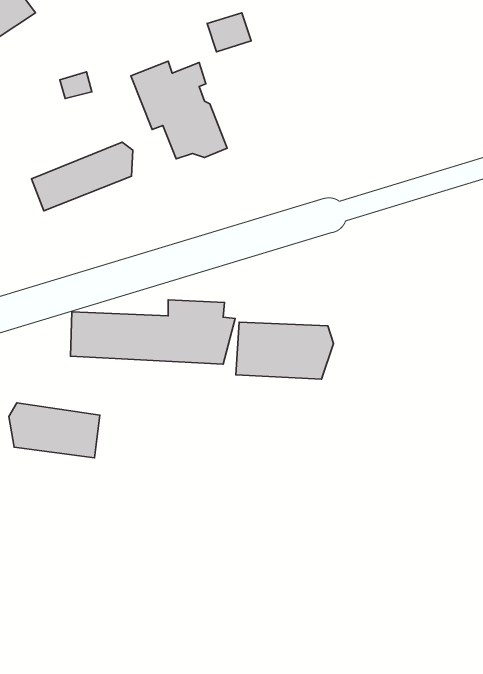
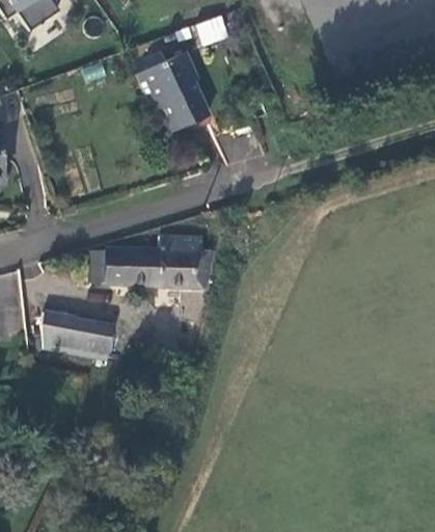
building: [32,142,133,211] -> none
building: [236,322,333,379] -> none

